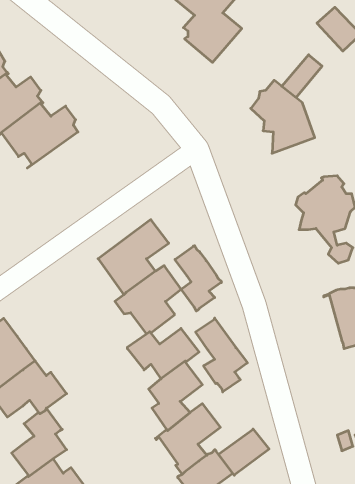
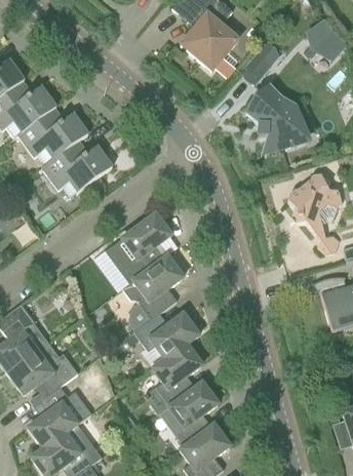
building: [282,55,322,97] -> [241,44,278,83]
building: none -> [42,133,112,197]
building: [175,246,221,311] -> none
building: [196,318,247,392] -> none
building: [219,429,269,475] -> none

